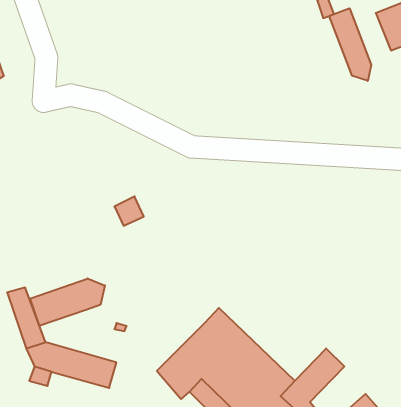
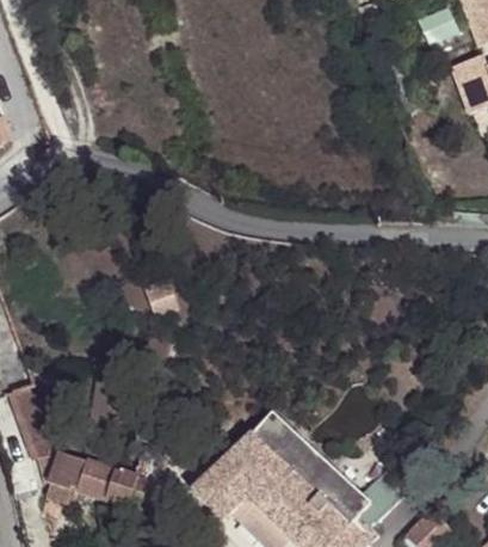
building: [329,8,371,81] -> none
building: [30,278,105,326] -> none

